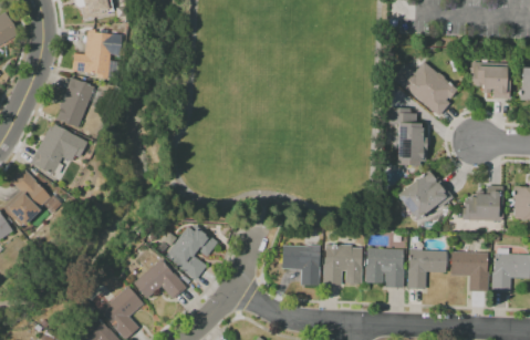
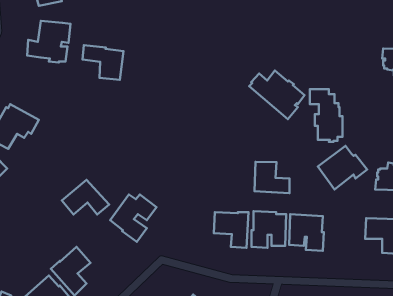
building: none -> [83,45,123,80]
building: [396,61,458,115] -> [249,70,305,119]
building: [56,79,95,128] -> none
building: none -> [254,162,289,193]
building: [408,249,447,289] -> none
building: [134,260,187,299] -> [62,180,109,214]

